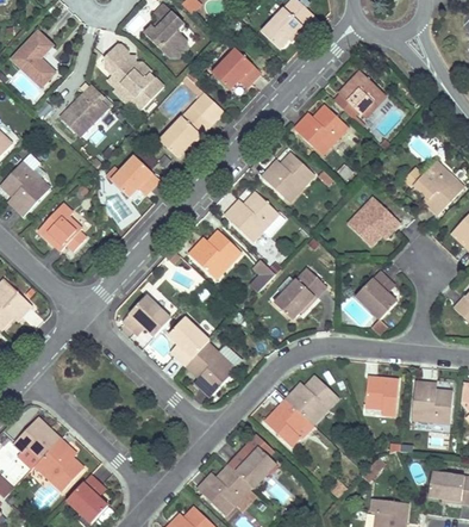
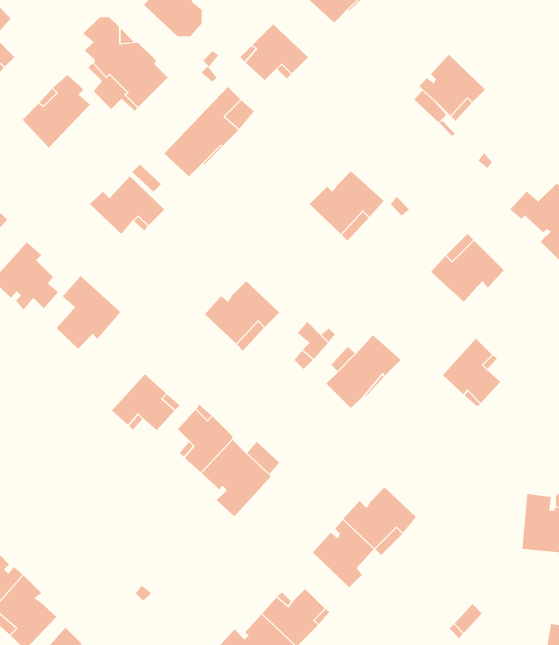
building: [294,105,348,155] -> none
building: [224,192,284,242] -> none
building: none -> [56,275,121,349]
building: [363,376,398,416] -> none

